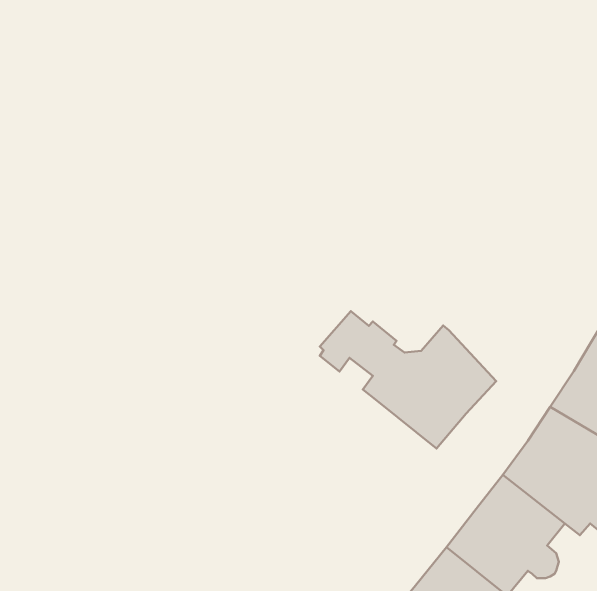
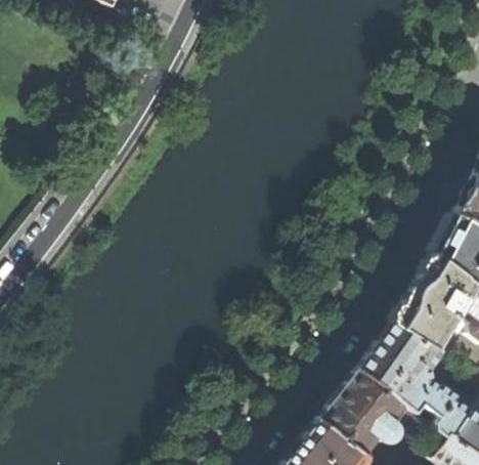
building: [320,311,496,448] -> none

